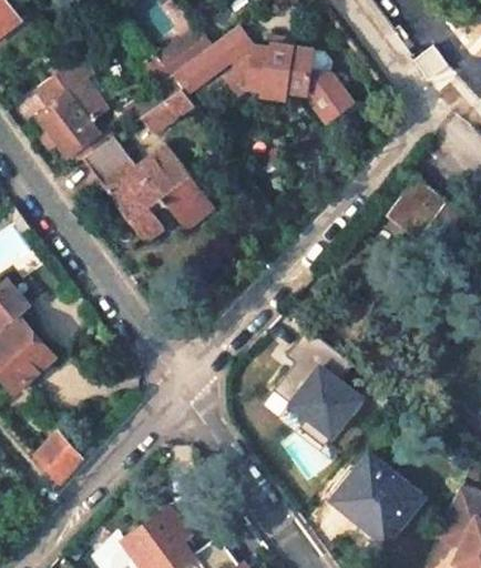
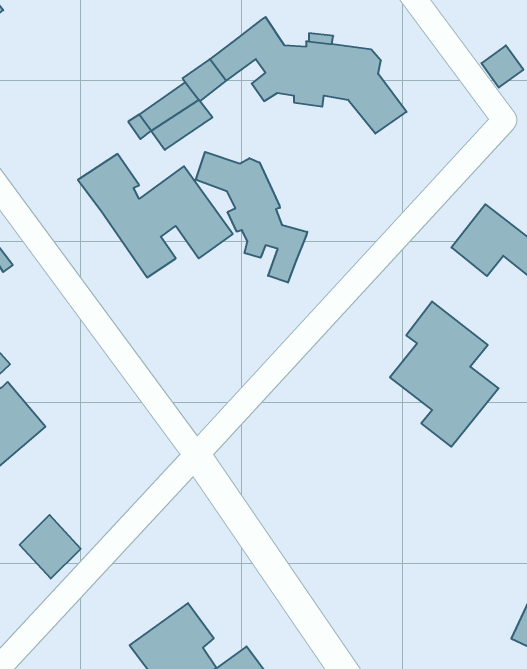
building: [155,29,208,77] -> none
building: [37,68,108,156] -> none
building: none -> [196,152,307,283]
building: [275,328,364,447] -> [390,301,499,447]
building: [334,454,423,538] -> none

